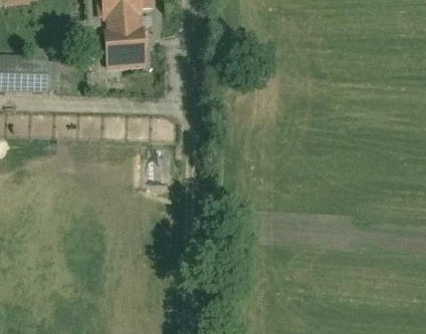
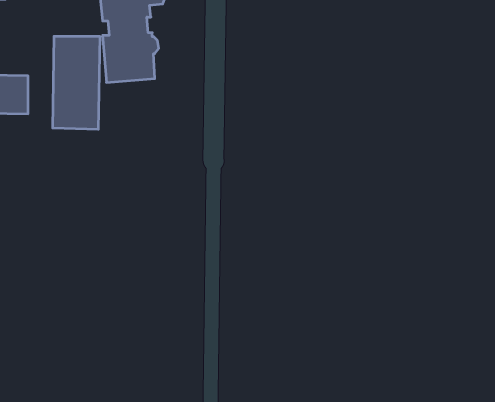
building: none -> [53,36,100,129]

